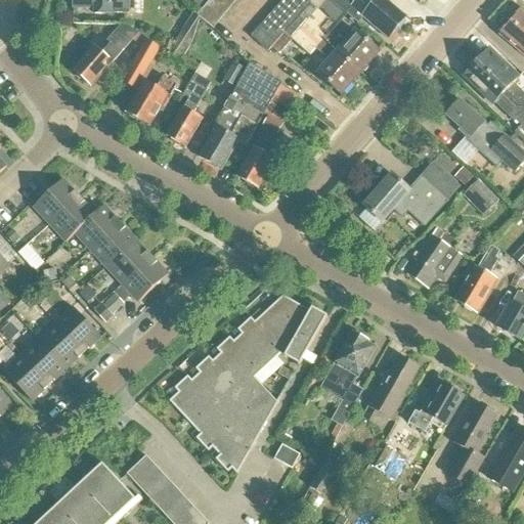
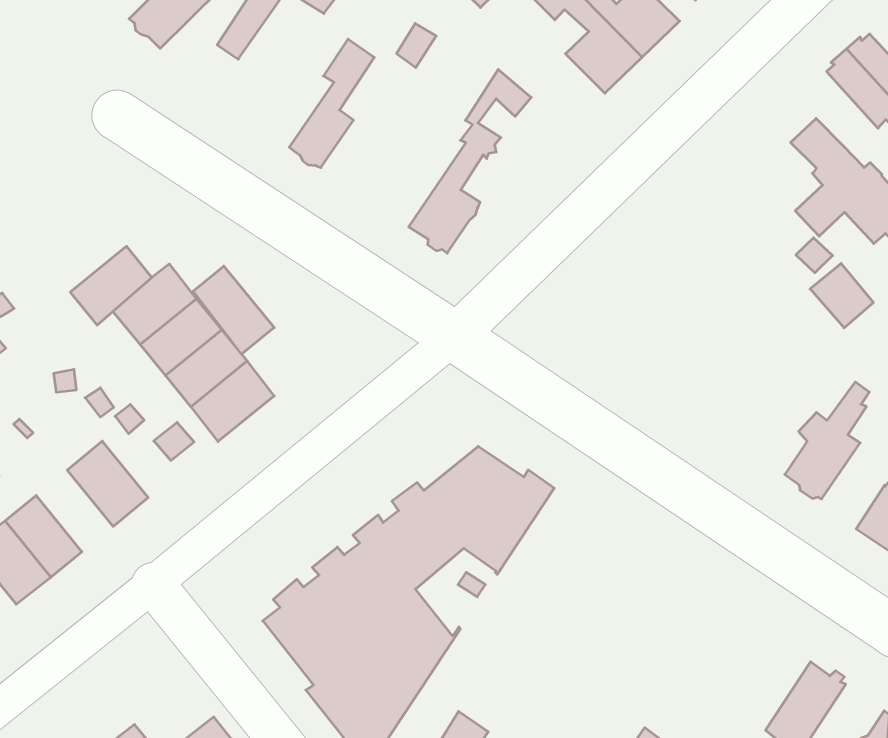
building: [203,61,281,167] -> none
building: [126,75,177,124] -> none
building: [363,161,461,224] -> none
building: [34,178,80,223] -> none
building: none -> [193,266,274,354]
building: [408,232,463,287] -> none
building: [39,322,83,367] -> none
building: [321,331,375,421] -> none
building: [367,354,420,419] -> none
building: [409,382,465,430] -> none

